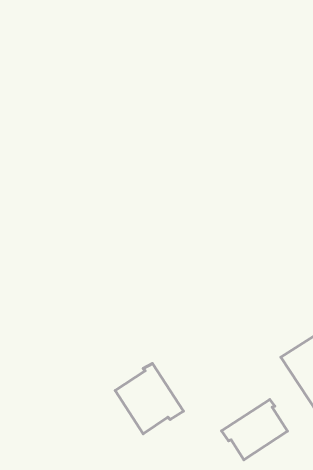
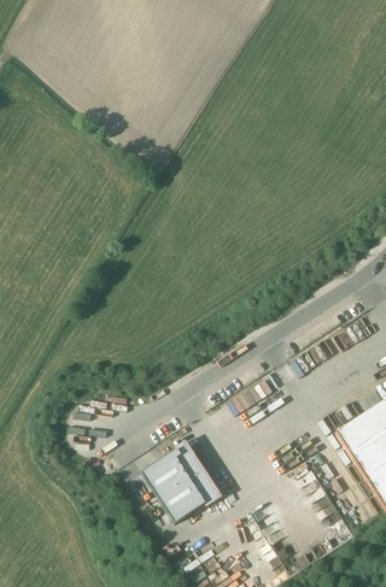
building: [221,399,287,460] -> none

